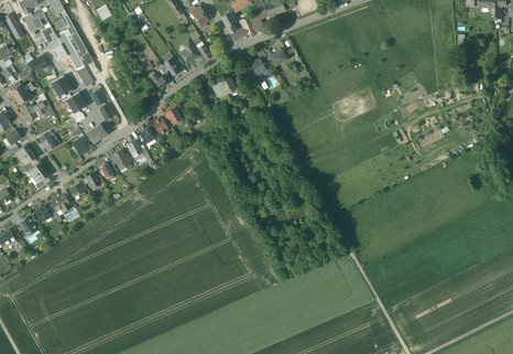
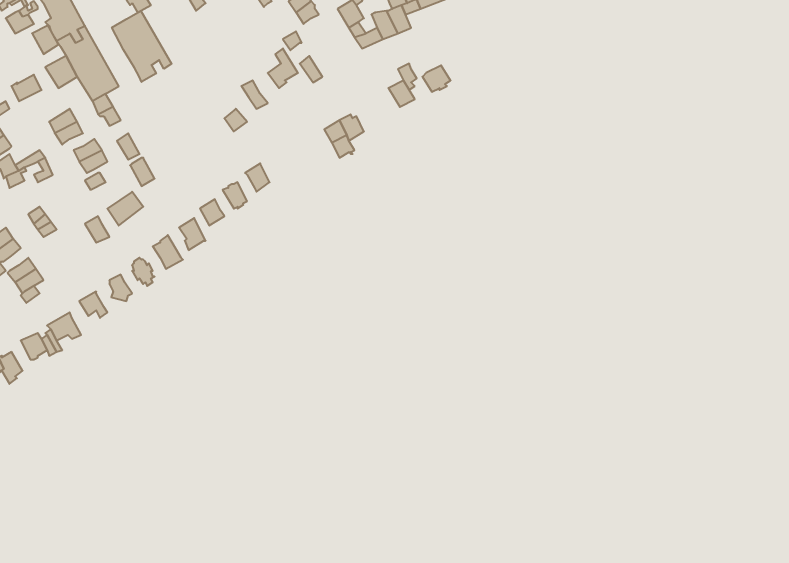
building: none -> [112,11,172,82]

